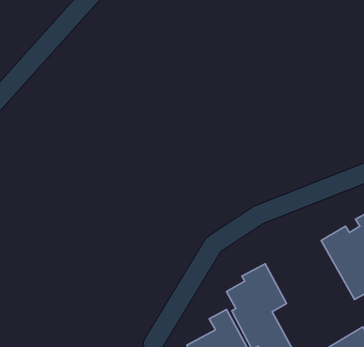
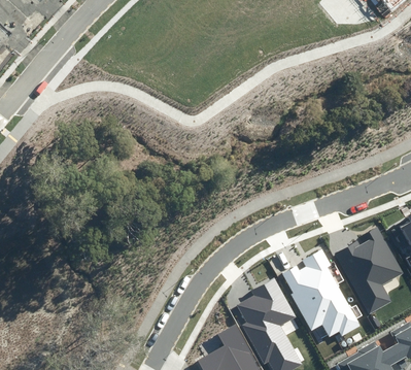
building: none -> [278,248,361,338]

